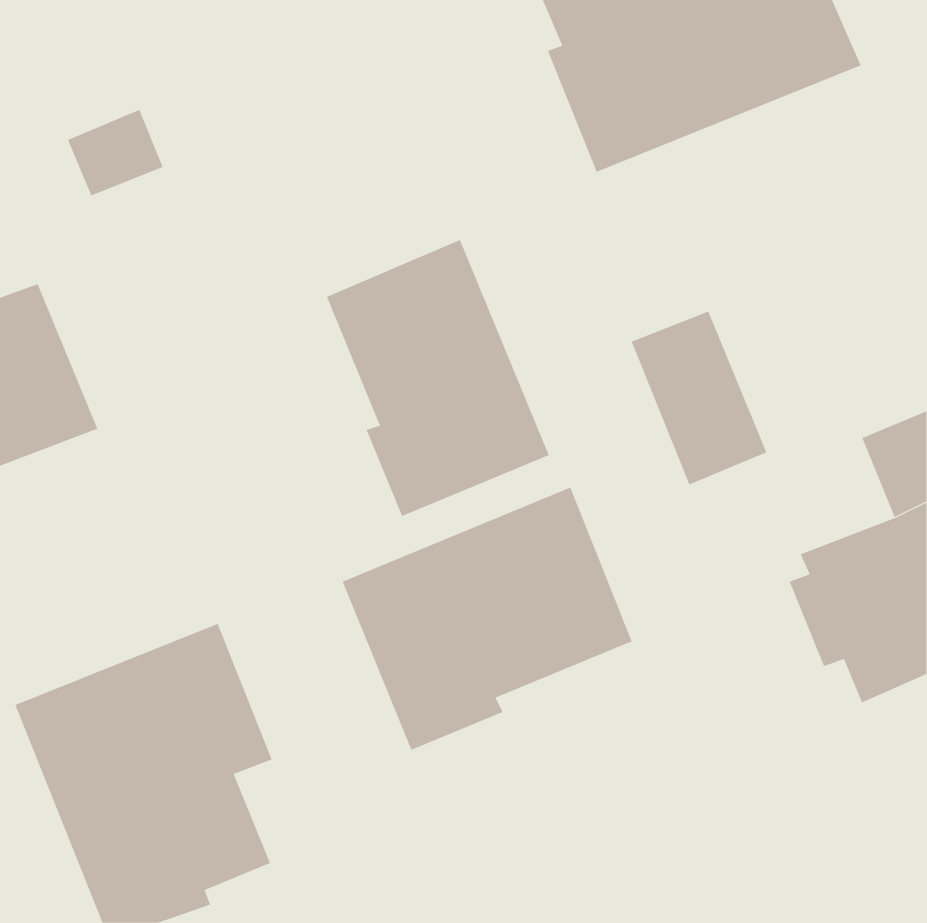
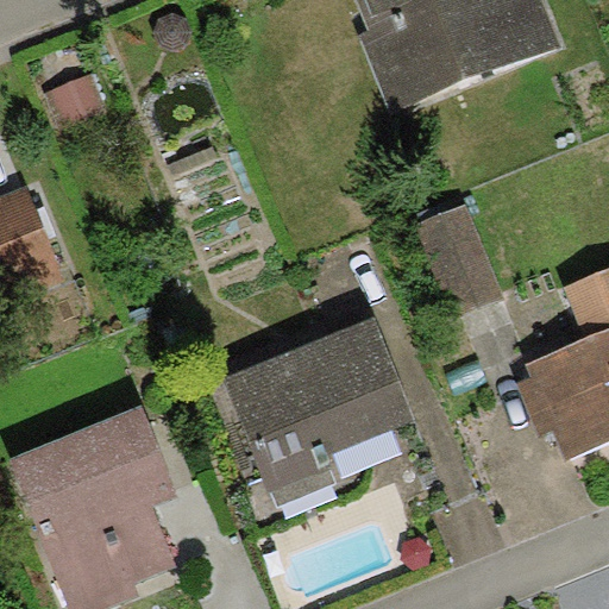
building: [326,239,549,517] -> none

